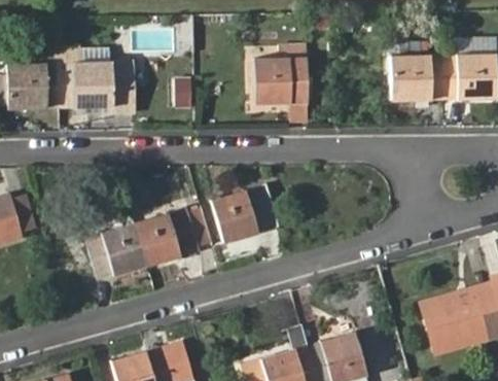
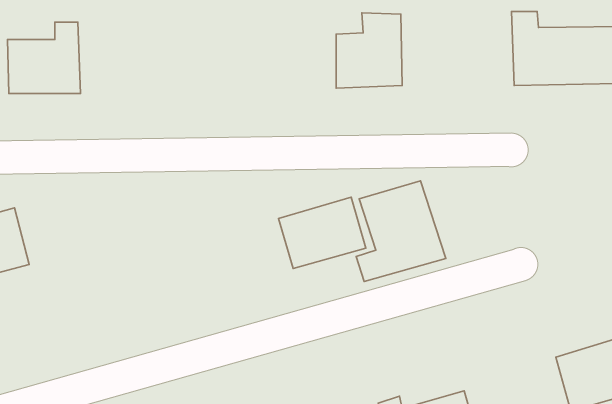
building: [60,51,133,106] -> none
building: none -> [356,181,446,281]
building: [87,209,198,277] -> none

